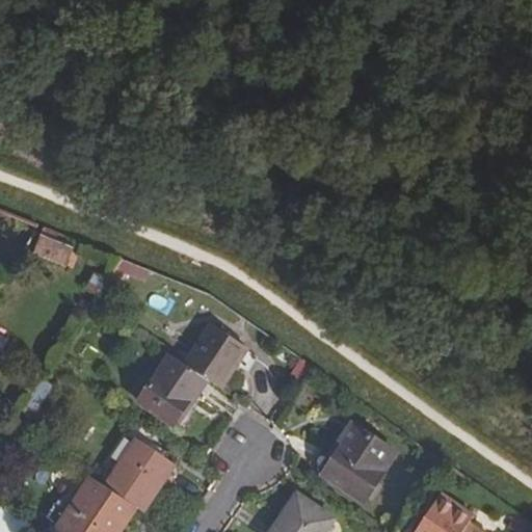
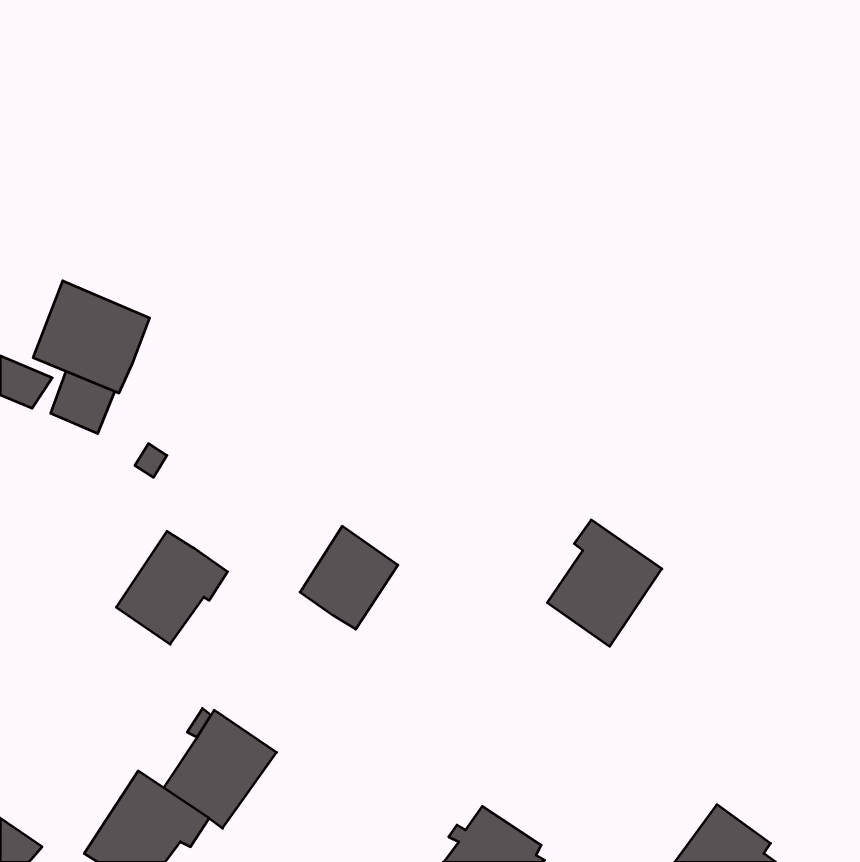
building: none -> [33,281,150,393]
building: [138,354,207,424] -> [116,531,228,644]
building: [325,428,396,506] -> [547,520,662,646]

